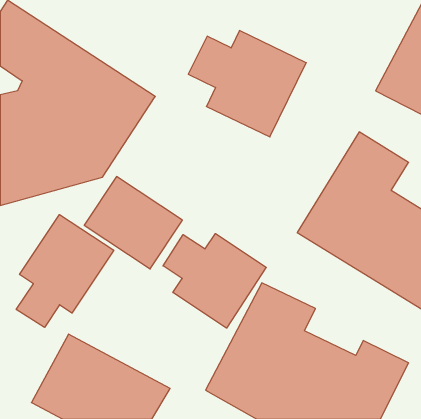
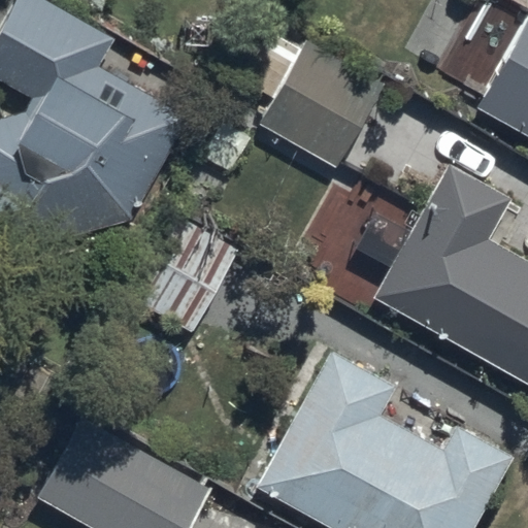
building: [16,215,114,327] -> none
building: [163,234,266,328] -> none

